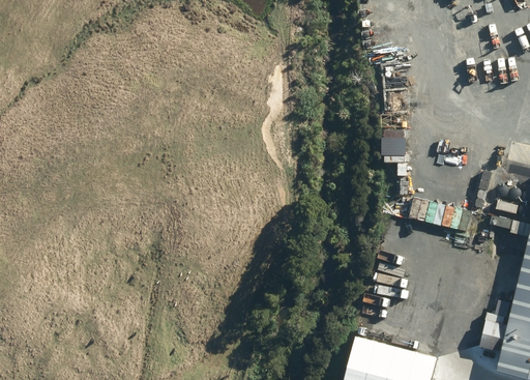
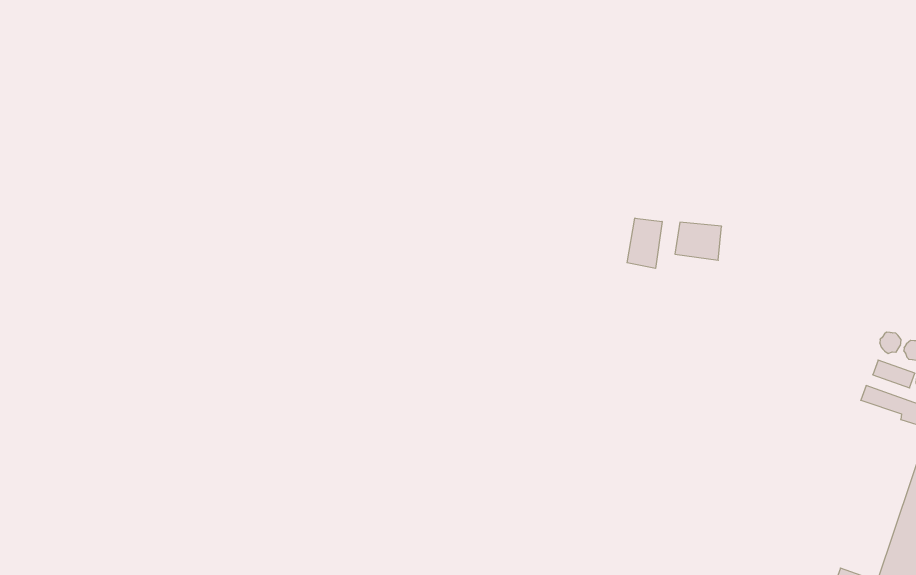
building: none -> [627,218,662,268]

